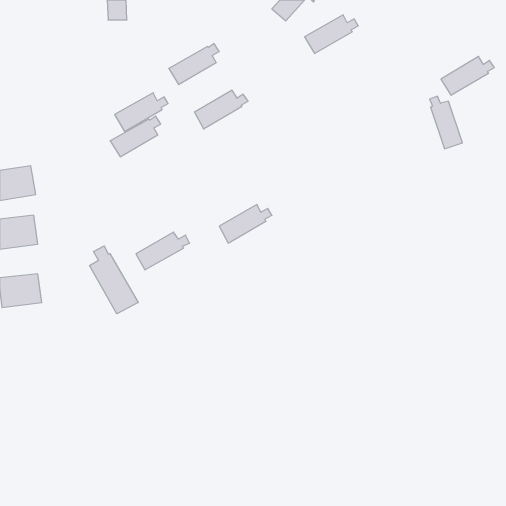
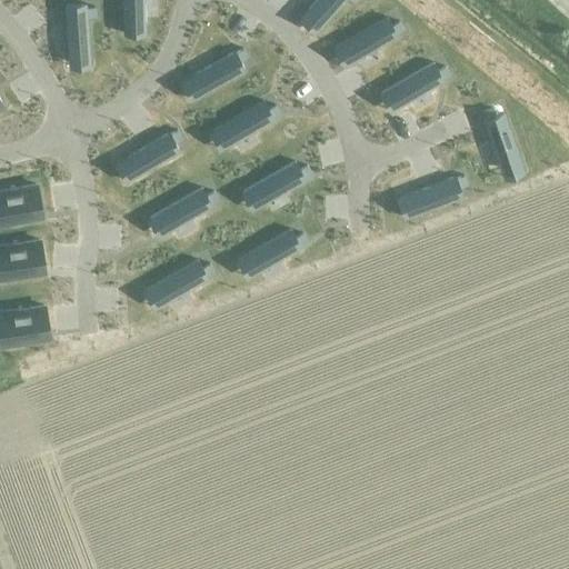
building: none -> [63,6,93,57]
building: [441,56,494,95] -> [388,63,448,107]
building: [115,93,168,131] -> [156,189,216,232]
building: none -> [249,163,309,206]
building: none -> [406,177,465,216]
building: [90,246,138,314] -> none

